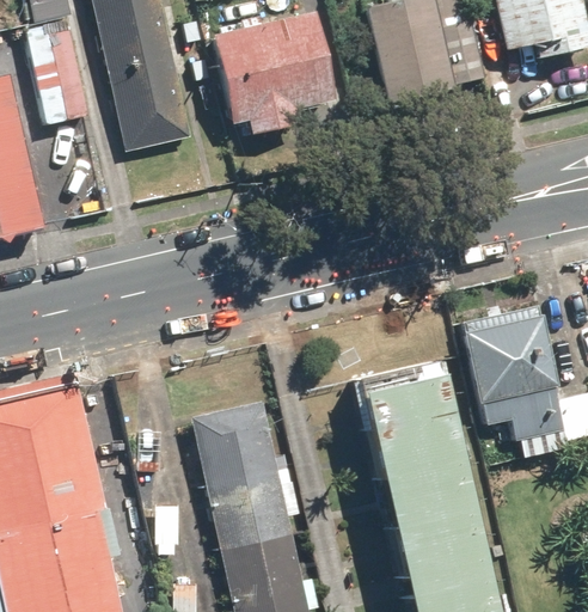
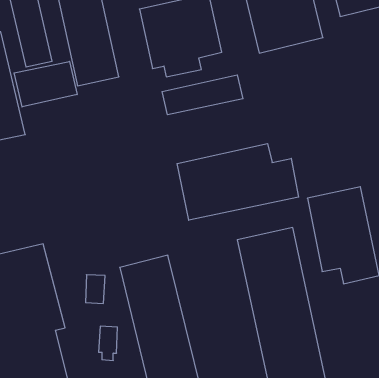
building: none -> [14,61,77,107]
building: none -> [162,75,243,115]
building: none -> [177,144,299,220]

